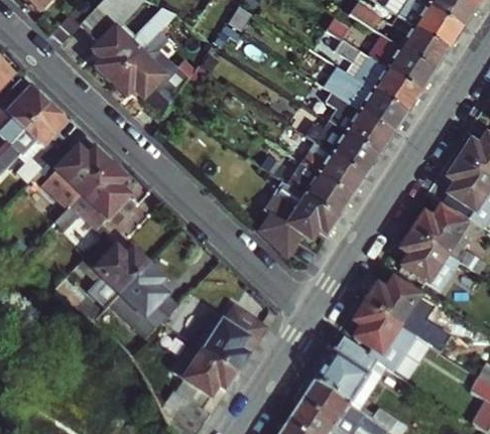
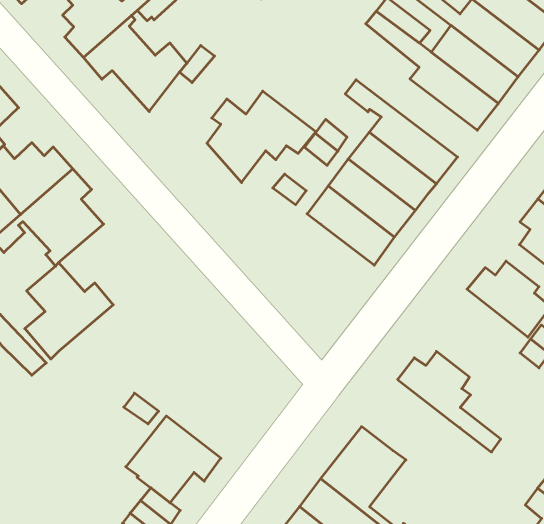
building: [326,65,408,131] -> none
building: [259,189,340,259] -> [207,91,316,183]
building: [398,229,459,289] -> none
building: [110,262,176,334] -> none
building: [352,300,413,370] -> none
building: [194,302,267,370] -> none

